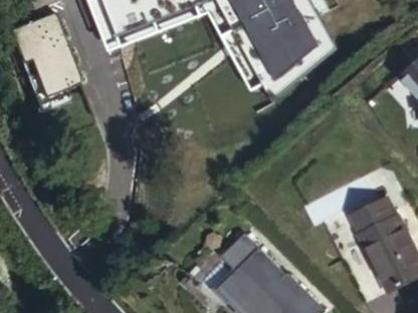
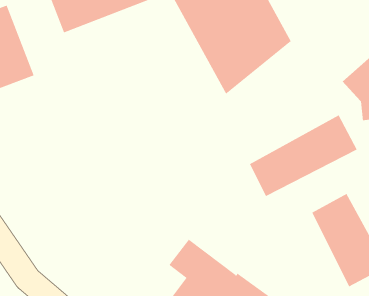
building: none -> [249,115,357,197]

